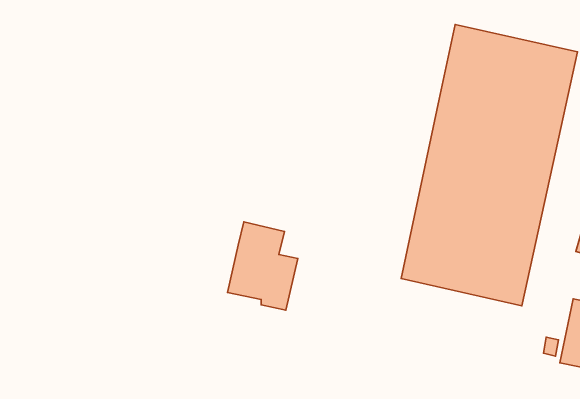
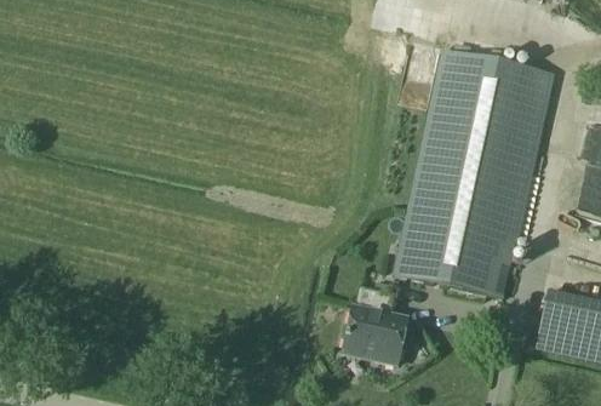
building: [227,222,298,310] -> [344,285,407,364]

